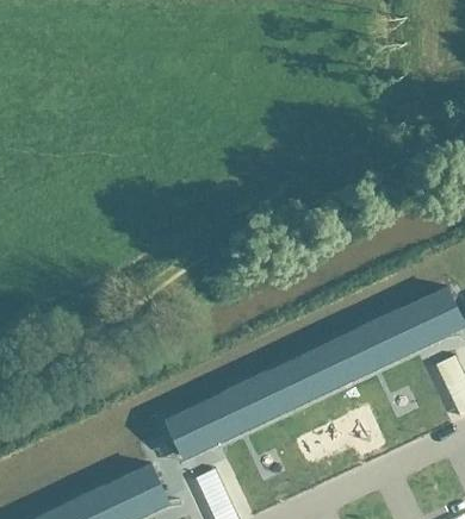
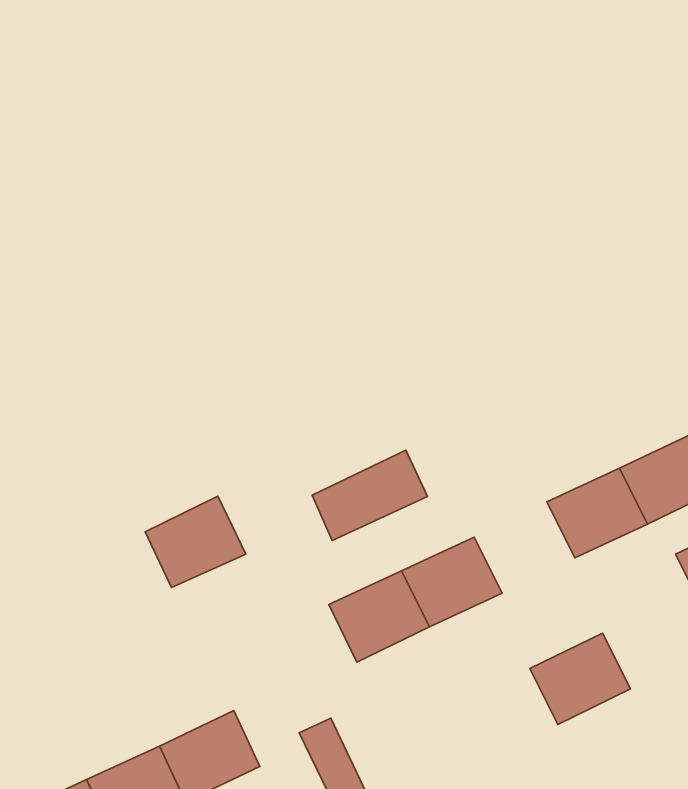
building: none -> [312,450,427,540]
building: [305,333,370,392] -> [530,633,630,724]
building: [166,399,230,457] -> [145,496,246,588]

